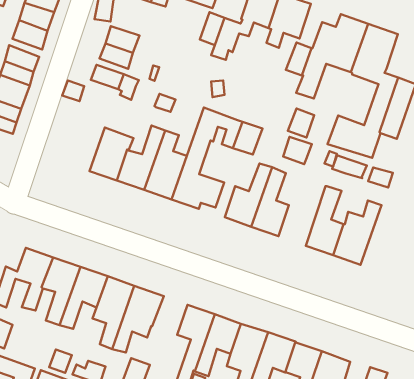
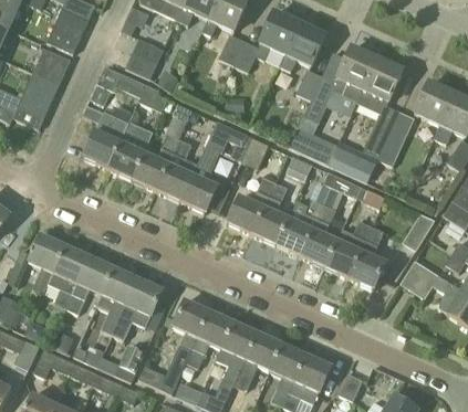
building: none -> [82,103,128,168]
building: none -> [274,197,322,255]
building: none -> [347,224,385,288]

